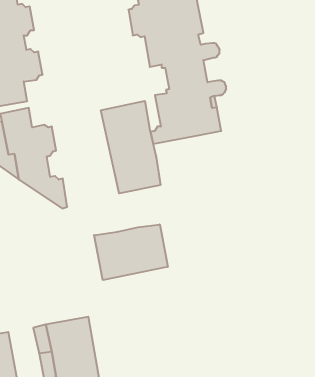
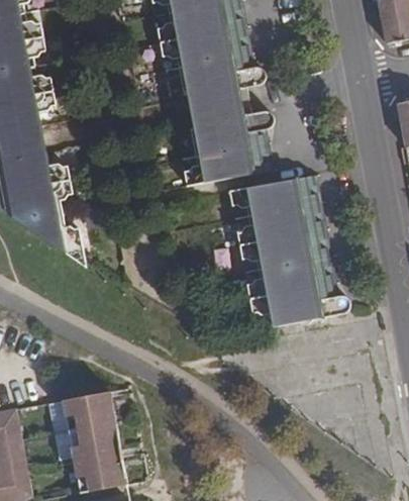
building: [101,101,160,193] -> none
building: none -> [230,175,349,325]
building: [94,224,168,280] -> none

